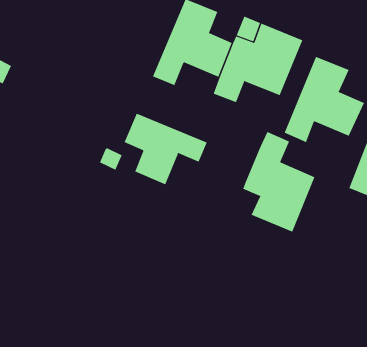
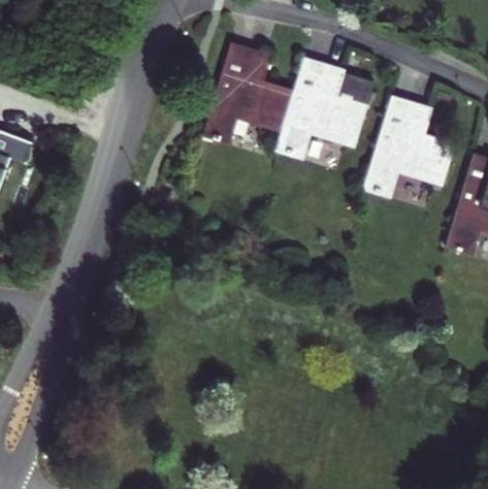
building: [124,113,208,185] -> none
building: [242,131,315,232] -> none

